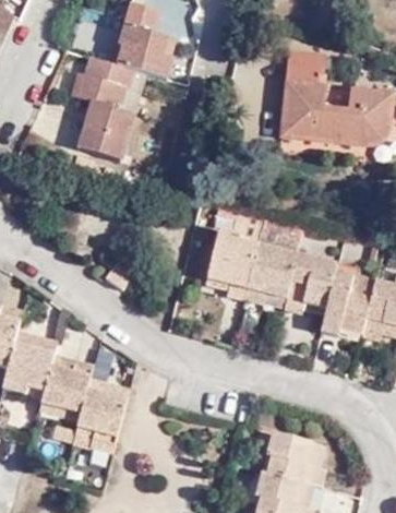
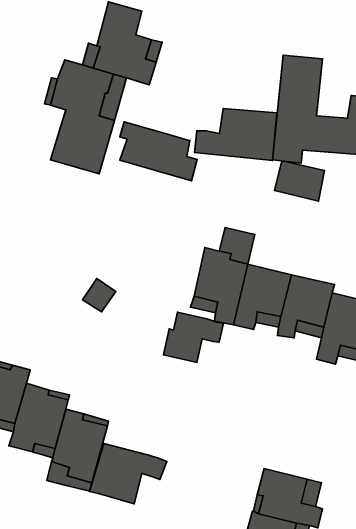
building: none -> [195,108,277,160]
building: none -> [120,122,197,181]
building: [257,216,303,253] -> [275,161,324,201]
building: none -> [164,312,223,362]
building: none -> [89,443,167,504]

